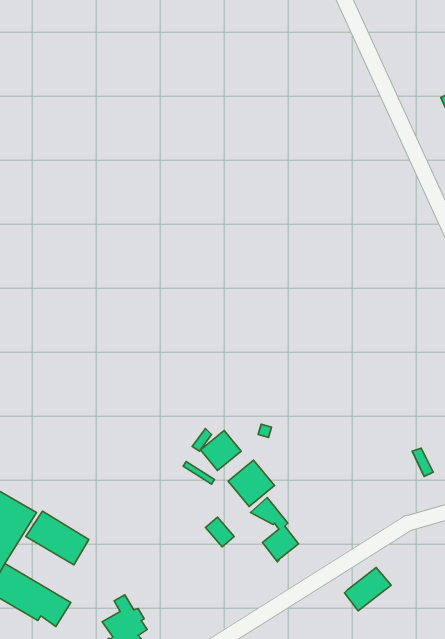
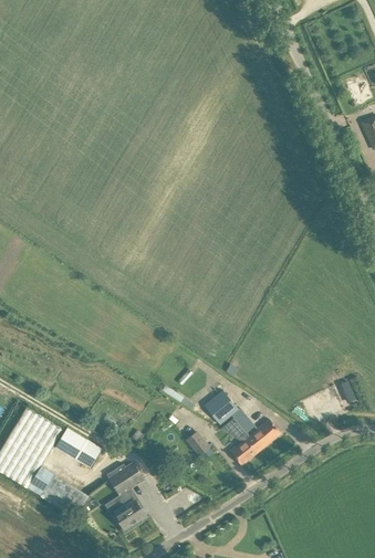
building: [201,430,241,470] -> none
building: none -> [108,463,144,495]
building: [345,567,391,611] -> [247,420,281,452]

